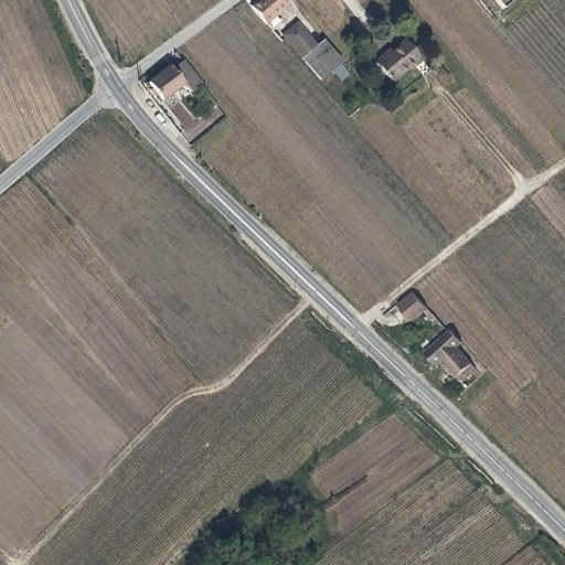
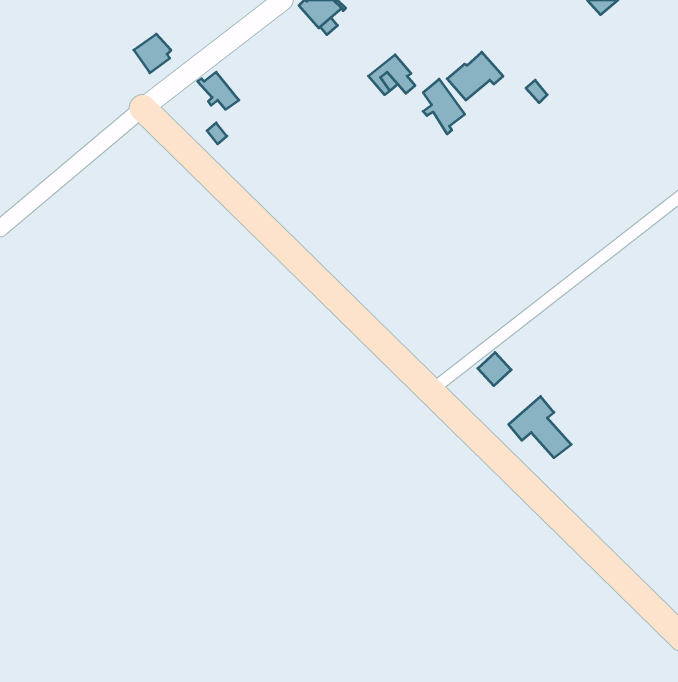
building: [284,23,330,63] -> none
building: none -> [423,79,465,134]
building: [148,67,179,99] -> [134,34,171,73]

